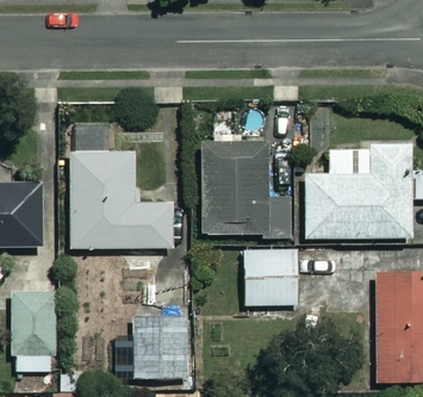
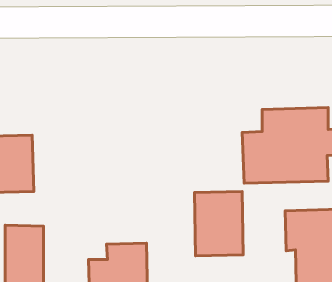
building: [203,144,297,236] -> none
building: [66,154,172,249] -> none

